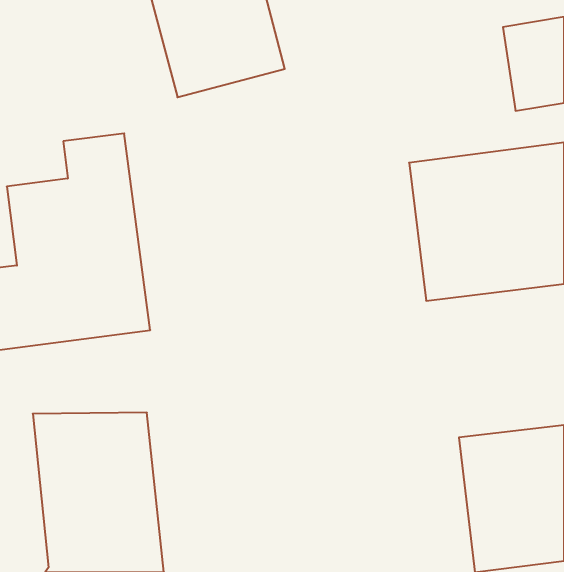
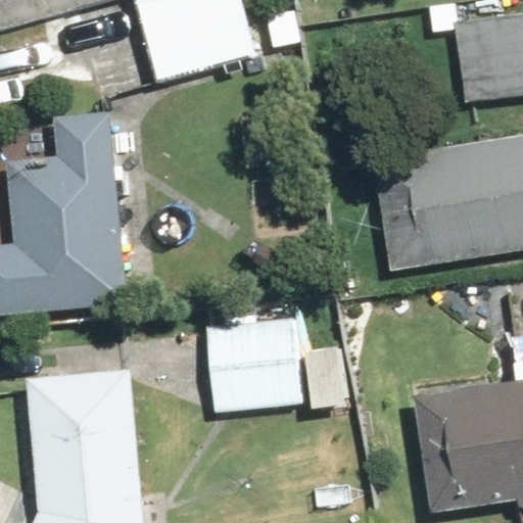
building: none -> [199,306,307,412]

